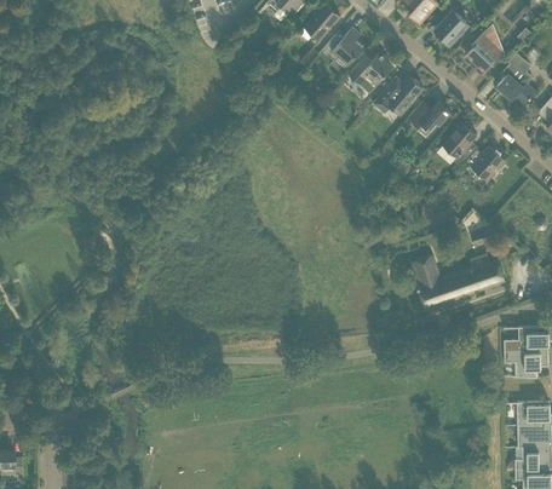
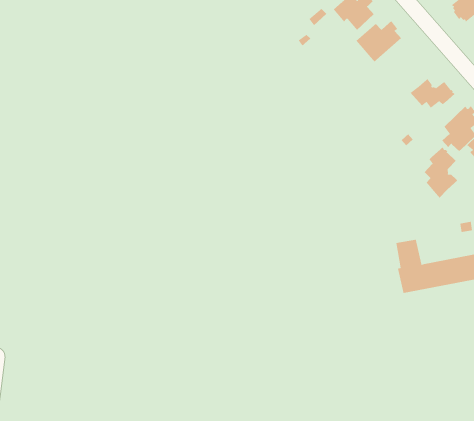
building: [372,76,421,114] -> none
building: none -> [424,146,459,199]

